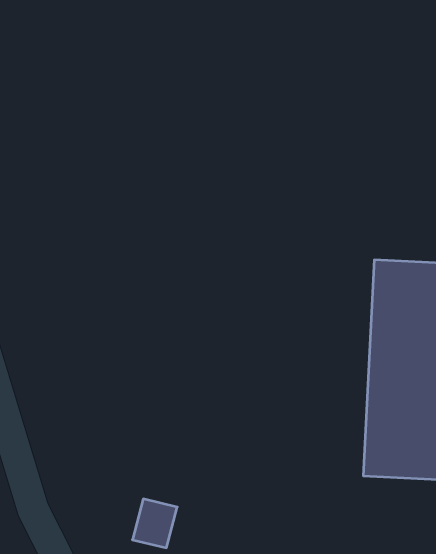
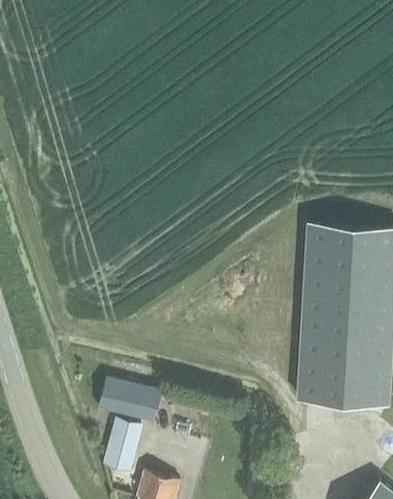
building: none -> [100,377,164,425]

